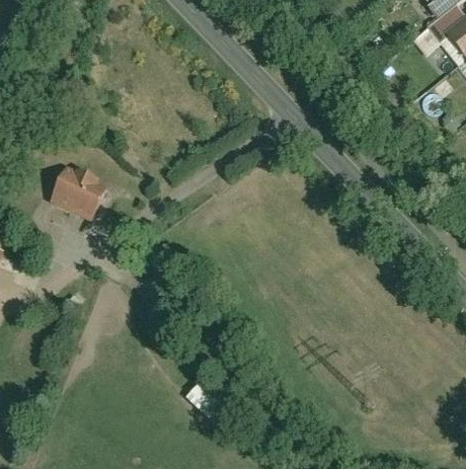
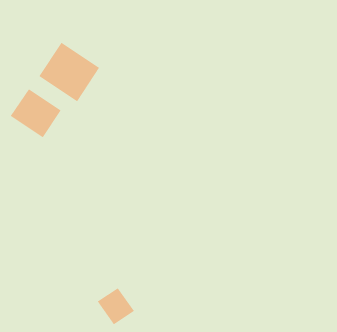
building: none -> [39,42,100,102]

